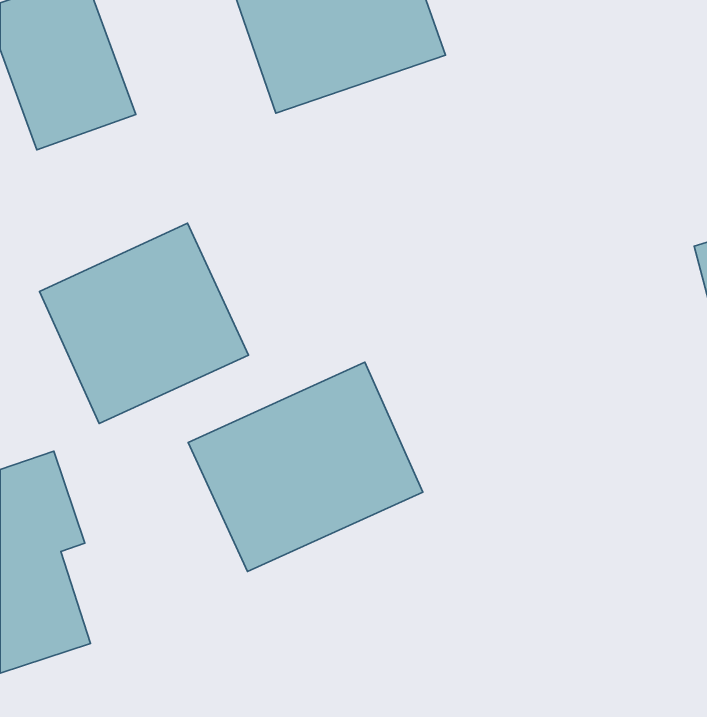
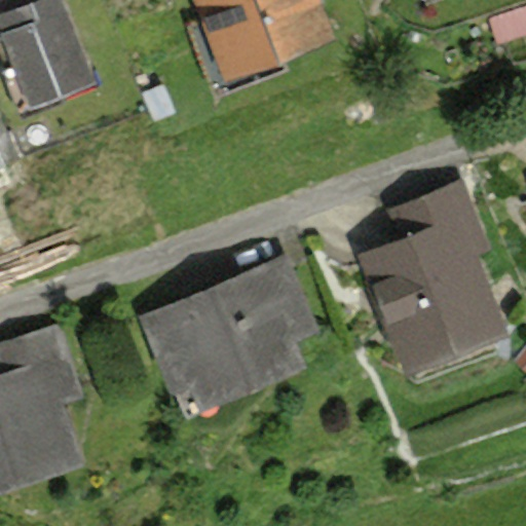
building: [39,223,249,423] -> none
building: none -> [348,172,496,368]

